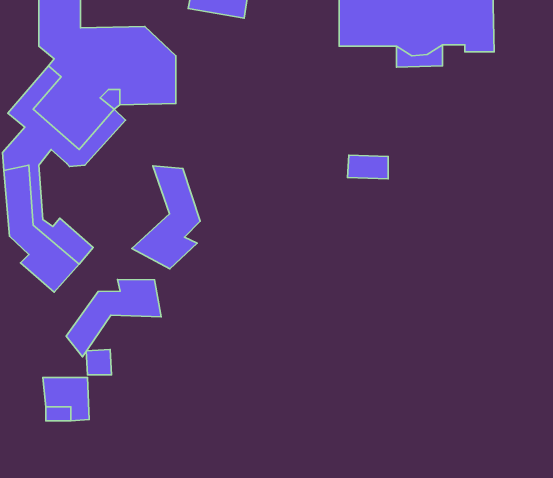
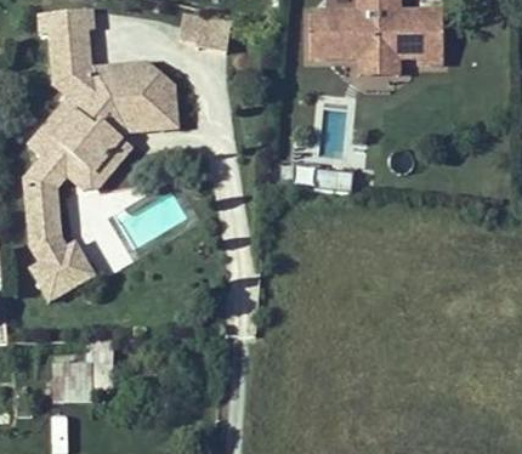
building: [132,166,200,269] -> none
building: [66,279,161,357] -> none

